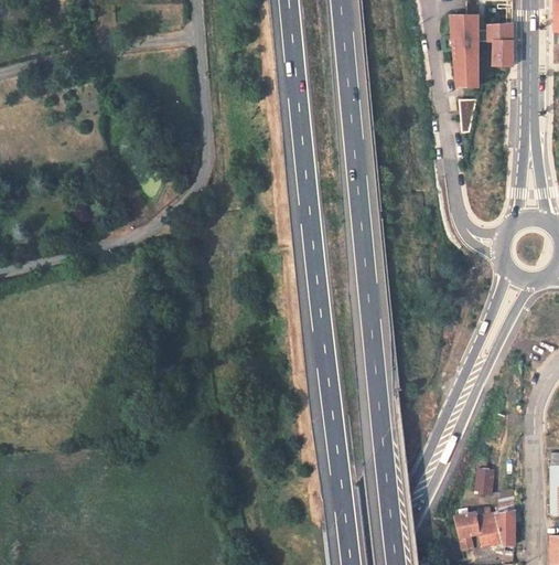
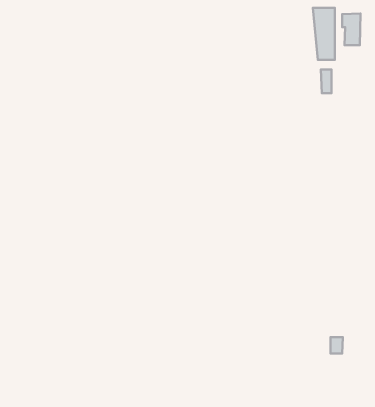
building: [455,508,513,548] -> none

